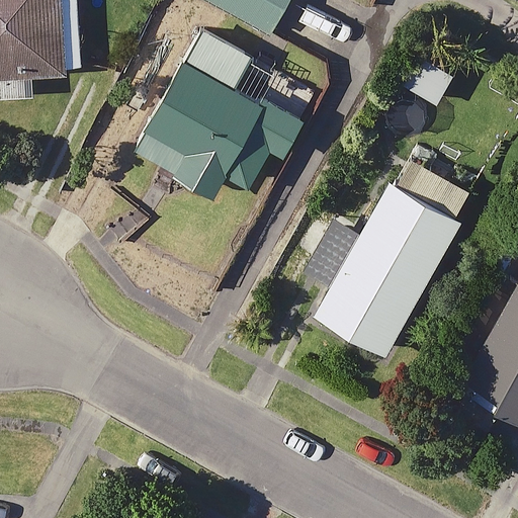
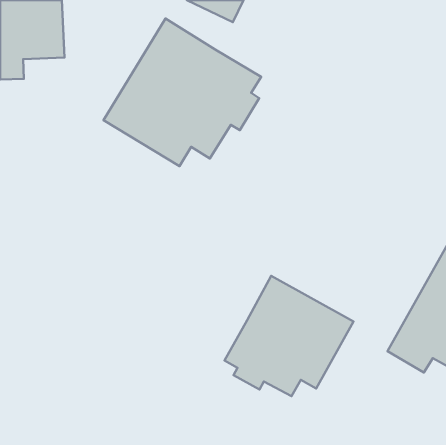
building: [312,159,473,356] -> none
building: none -> [224,276,354,396]

